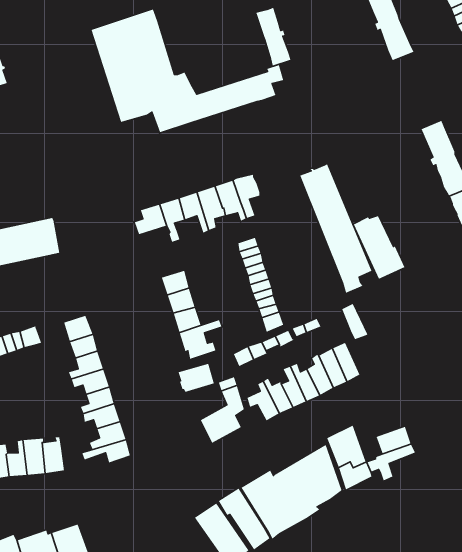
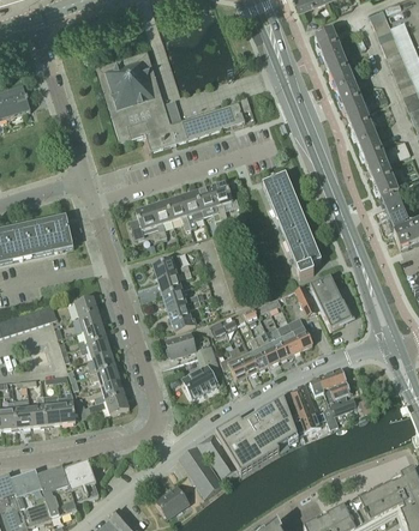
building: [255,7,291,67] -> none
building: none -> [337,85,377,146]
building: [353,215,406,280] -> [311,277,353,328]
building: none -> [310,367,348,396]

